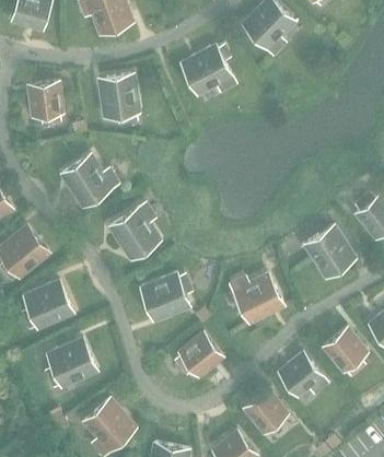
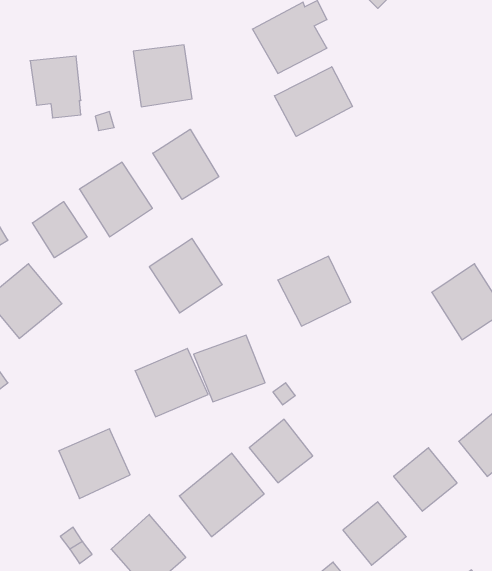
building: none -> [274,67,352,136]
building: none -> [153,129,219,199]
building: none -> [32,202,87,258]
building: [233,276,283,324] -> [278,256,351,326]
building: [23,282,73,329] -> [135,348,208,417]
building: none -> [179,453,264,537]

